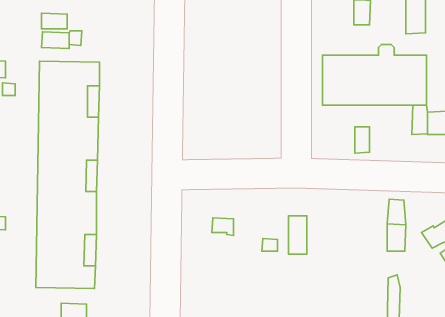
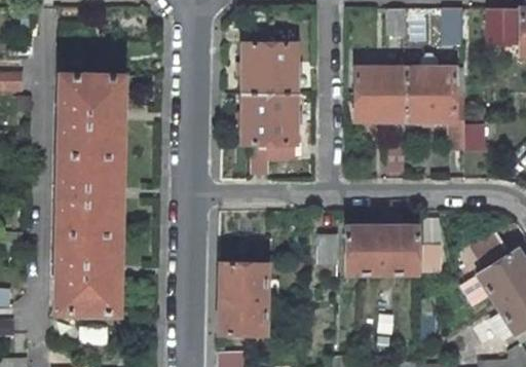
building: none -> [243,27,297,174]
building: none -> [346,225,417,271]
building: none -> [219,262,267,333]

